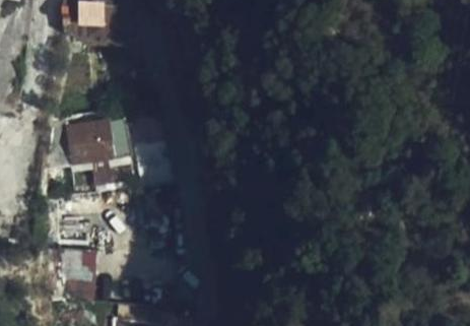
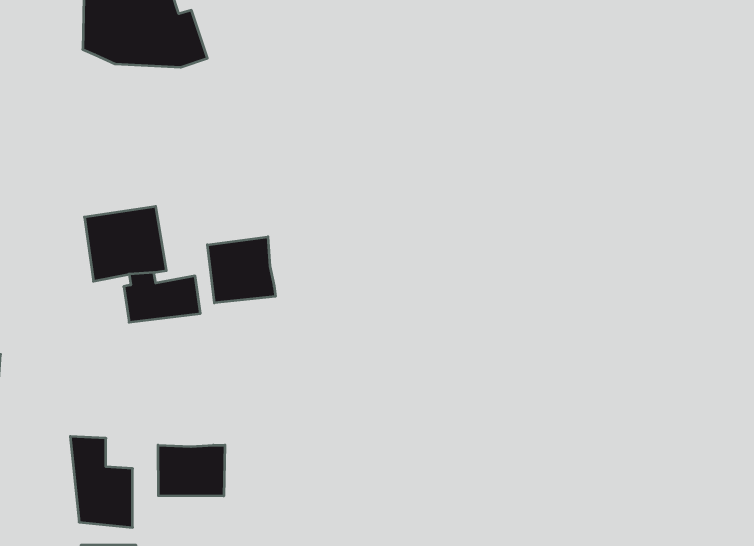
building: none -> [207,237,275,303]
building: none -> [158,445,225,496]

